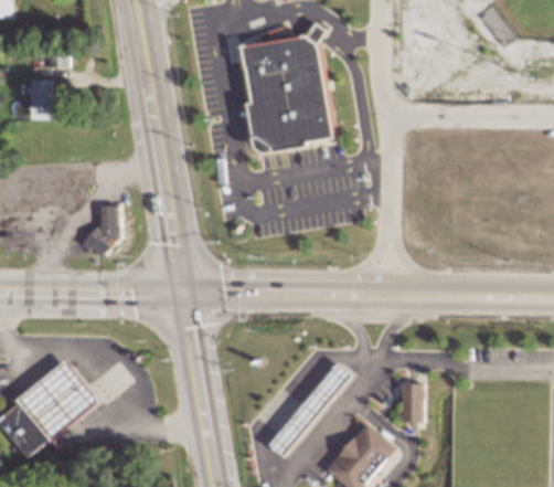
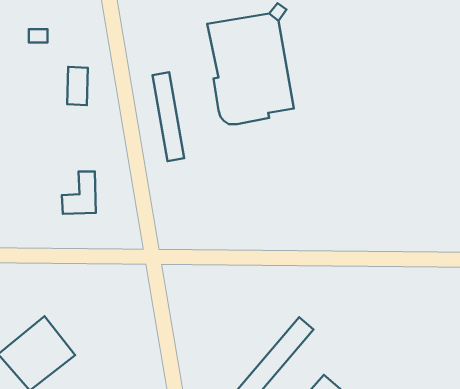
building: [29,77,51,118] -> [67,67,88,105]
building: none -> [153,72,184,161]
building: [401,382,420,420] -> none

